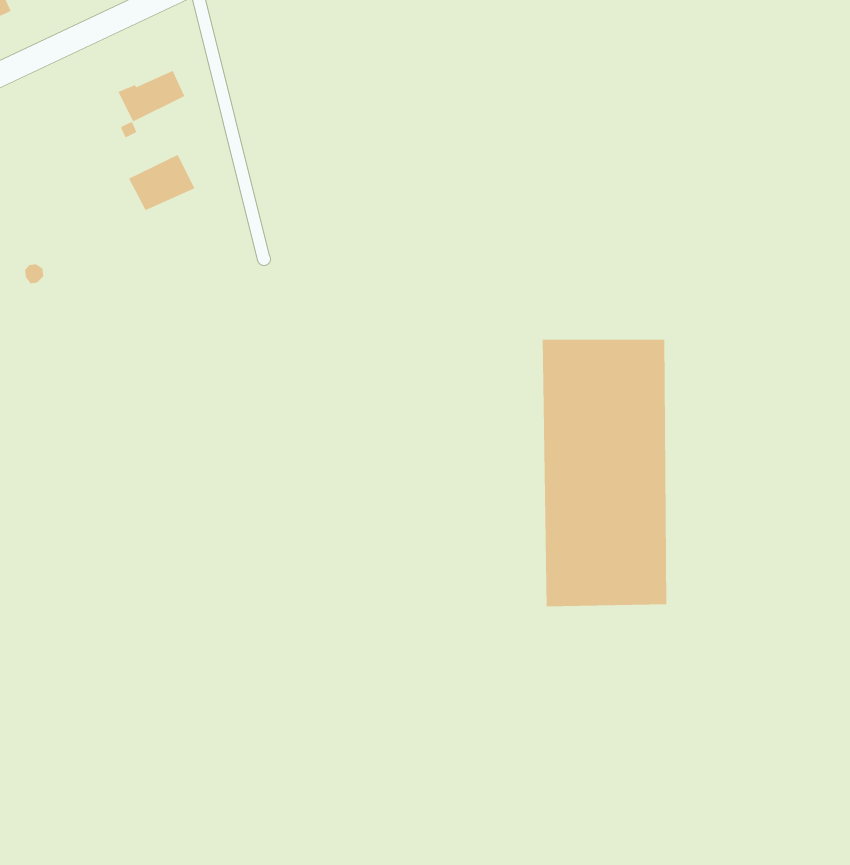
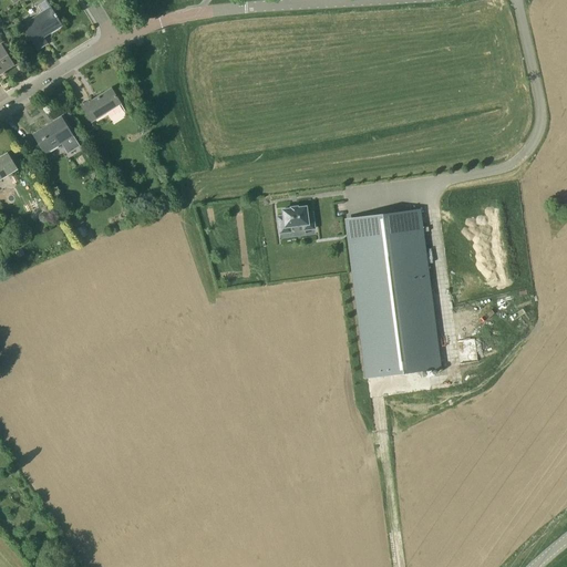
building: [128,154,195,211] -> [33,117,73,153]
building: none -> [278,207,315,234]

